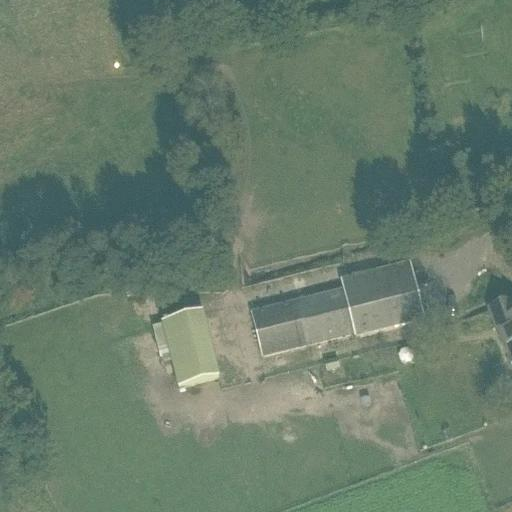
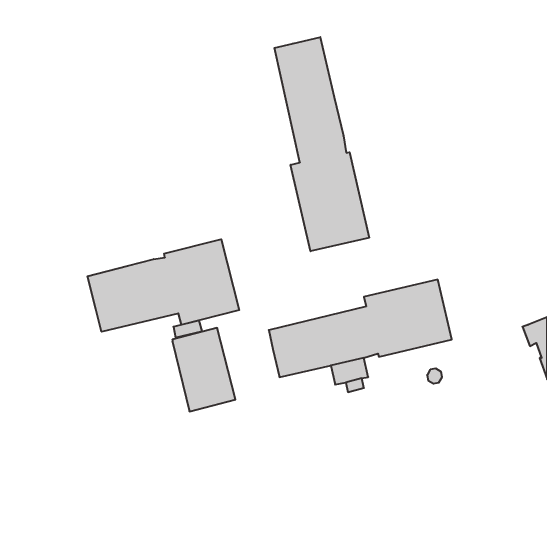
building: none -> [274,37,369,251]
building: none -> [87,239,239,332]

